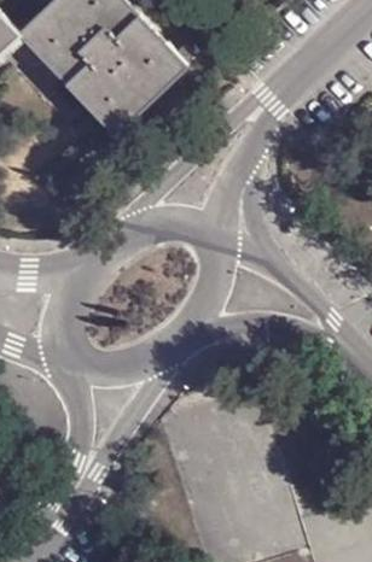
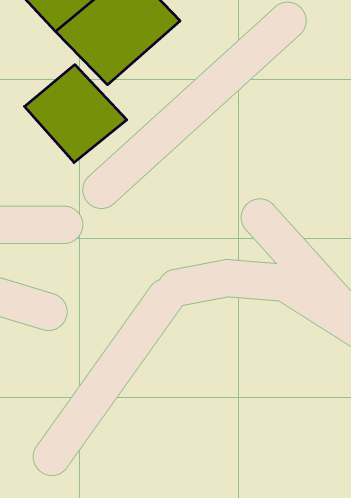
building: none -> [24,65,127,163]

